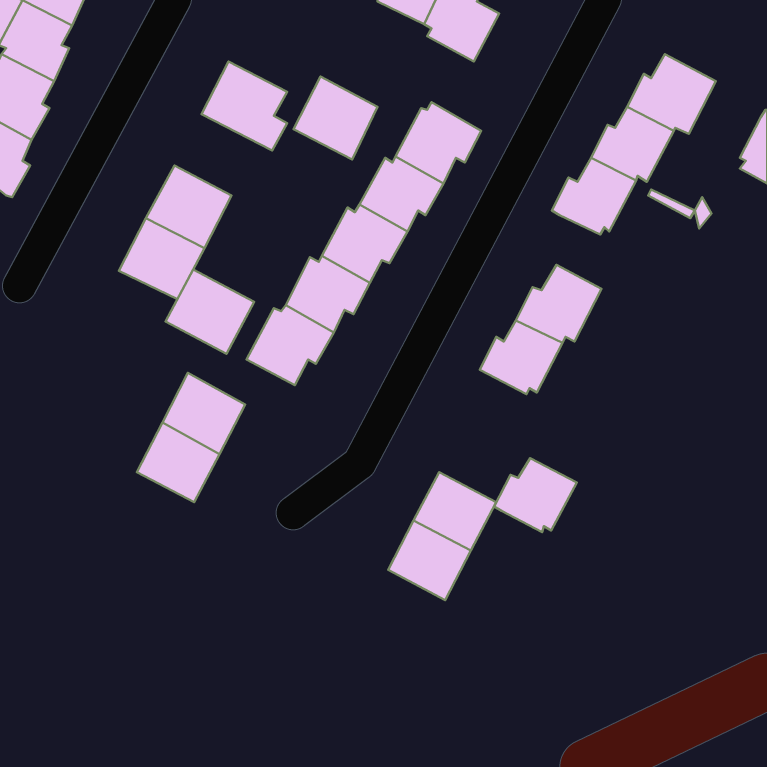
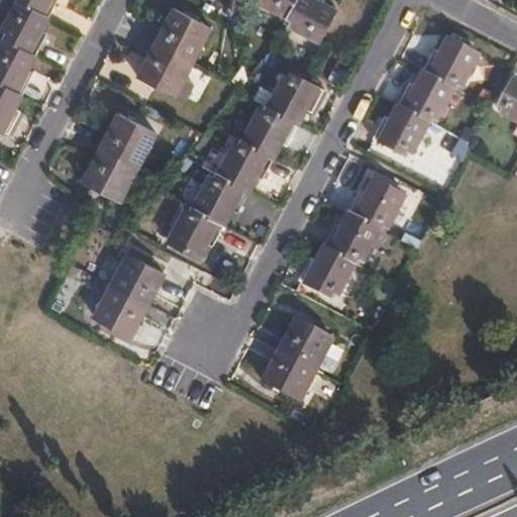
building: [293,77,378,159] -> [153,6,210,62]
building: [166,270,254,354] -> none
building: [494,458,577,532] -> [298,248,353,298]

